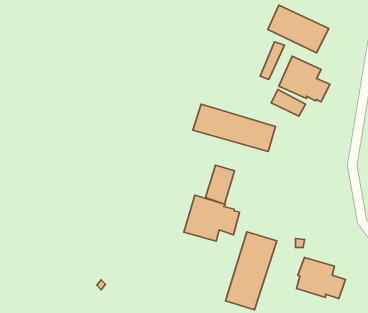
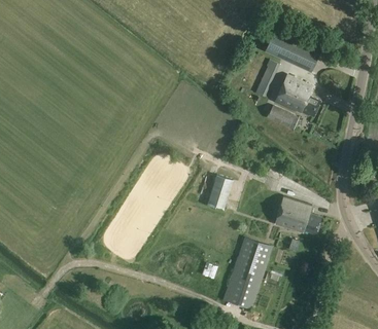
building: [193,104,276,152] -> none
building: [184,195,239,241] -> none
building: [297,257,346,299] -> [276,195,321,233]

